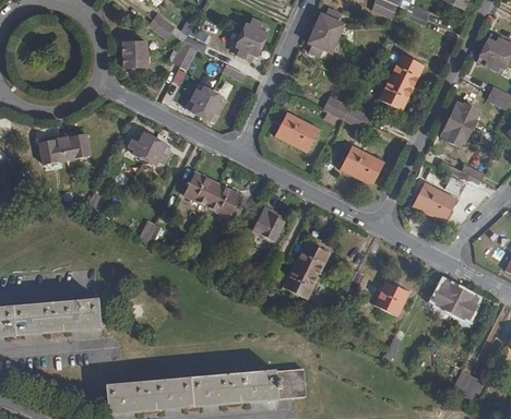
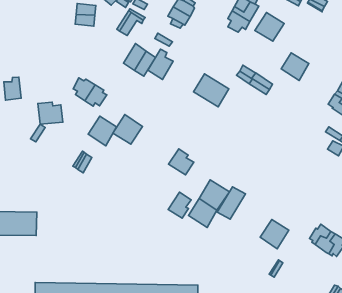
building: [389,52,424,86] -> [255,13,284,41]
building: none -> [148,49,173,79]
building: [61,134,94,163] -> [38,102,63,124]
building: [341,144,383,183] -> none
building: [414,181,455,219] -> none
building: [205,182,239,217] -> [88,116,117,146]
building: none -> [217,187,246,219]
building: none -> [168,192,191,218]

